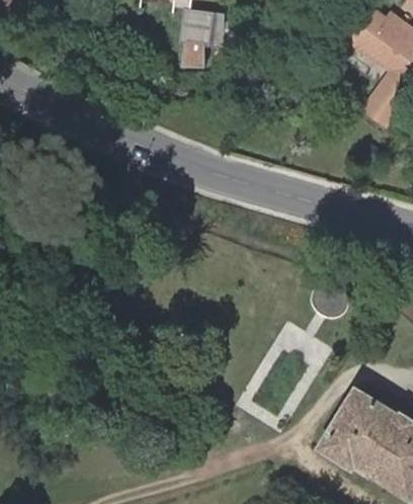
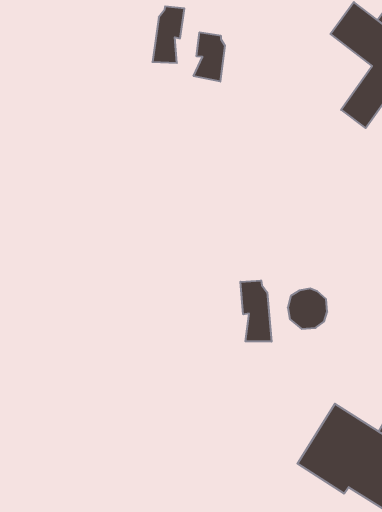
building: none -> [194,32,225,82]
building: none -> [240,280,272,342]

